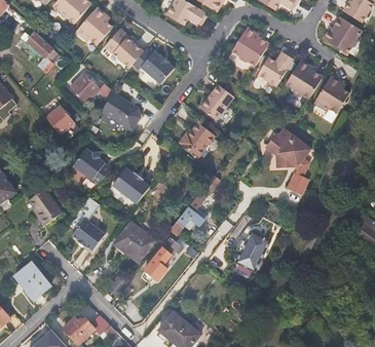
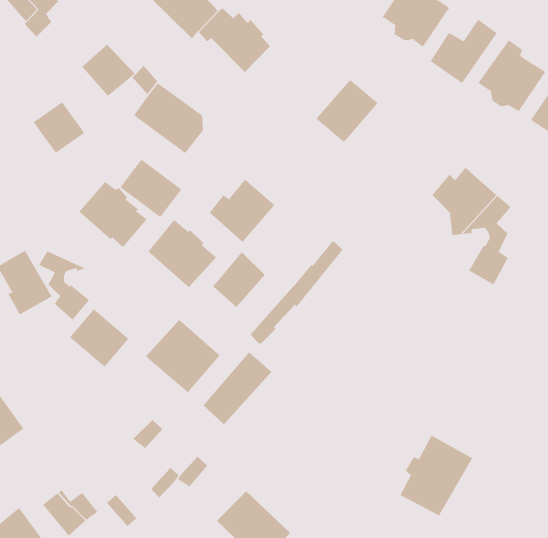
building: [179,122,215,157] -> [209,179,275,243]
building: none -> [119,159,182,218]
building: none -> [212,252,266,308]
building: none -> [39,250,90,321]
building: [232,229,271,273] -> [399,435,473,516]

